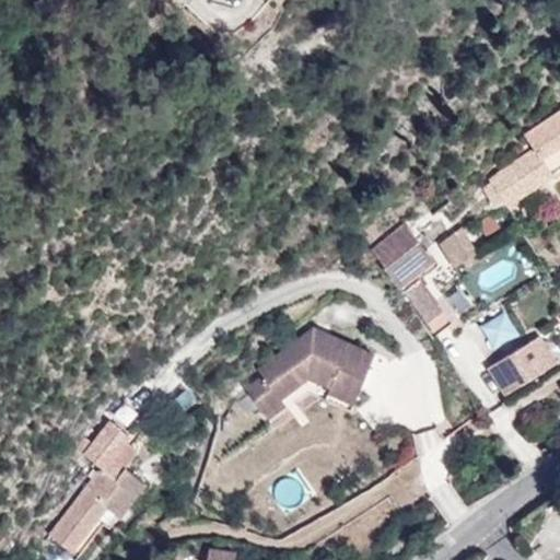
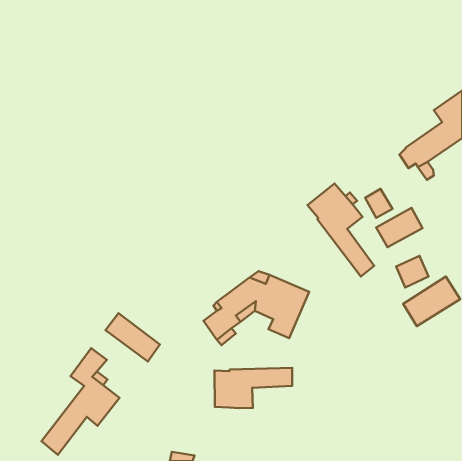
building: none -> [376,208,423,247]
building: none -> [106,313,160,361]
building: none -> [215,368,292,408]

